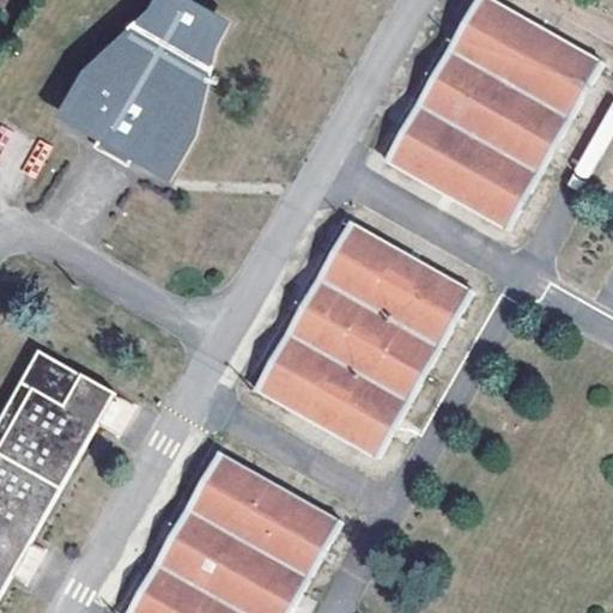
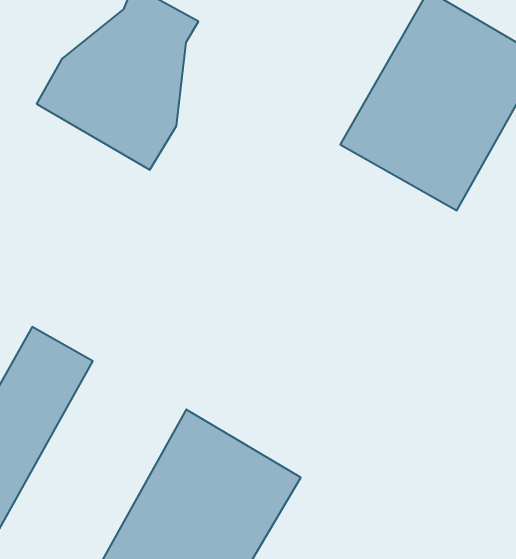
building: [259,232,467,455] -> none

